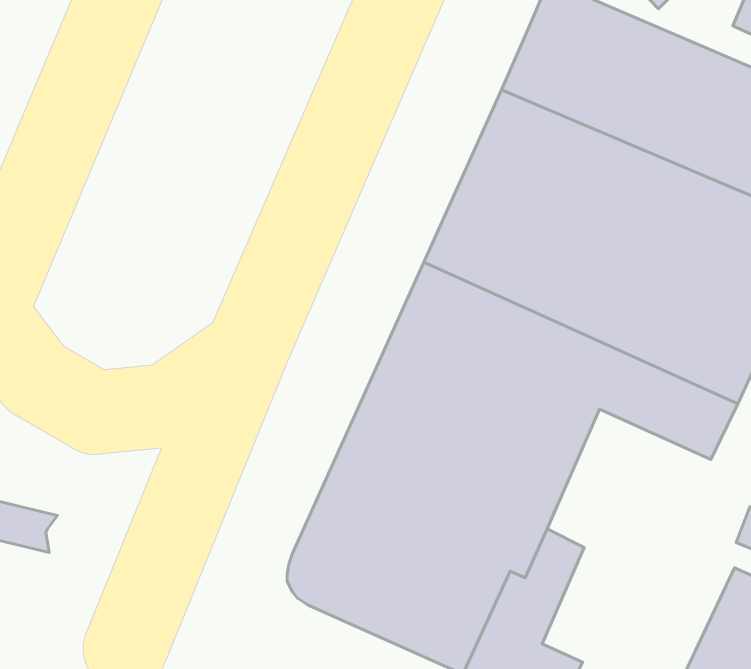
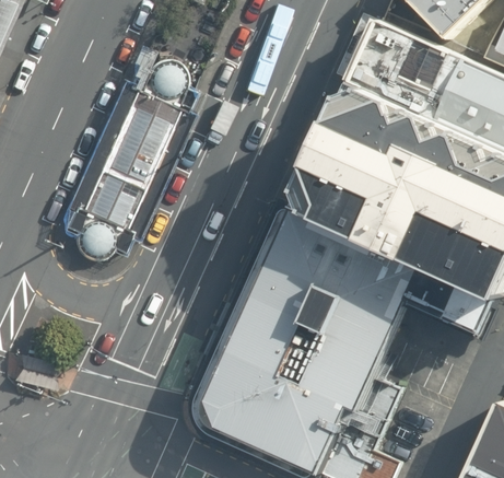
building: none -> [57,58,187,261]

